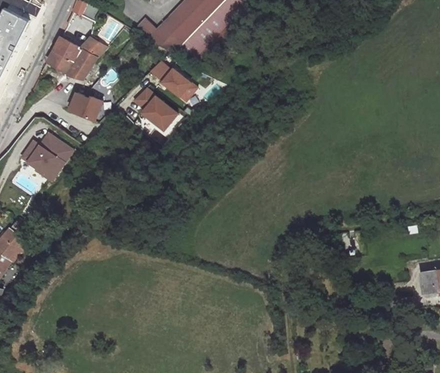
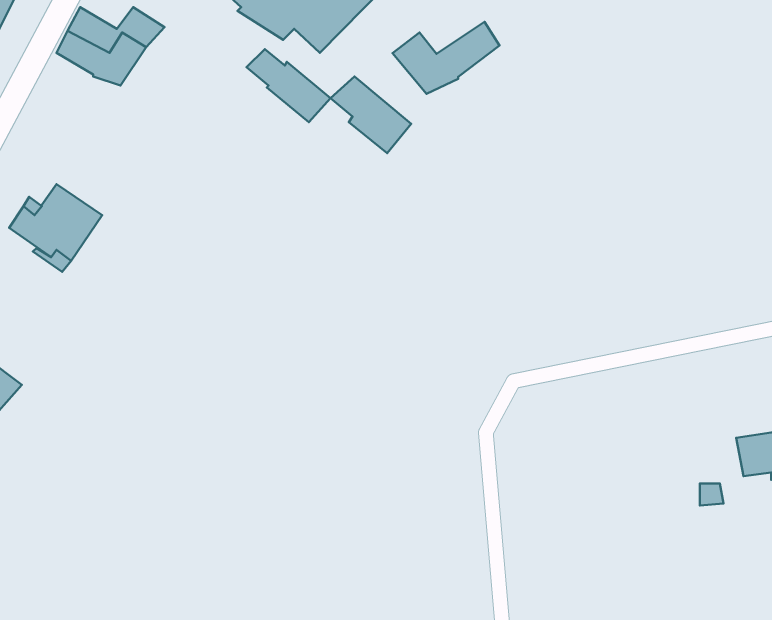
building: none -> [393,22,500,94]
building: [136,84,180,126] -> [331,76,411,153]
building: [66,89,103,119] -> none

